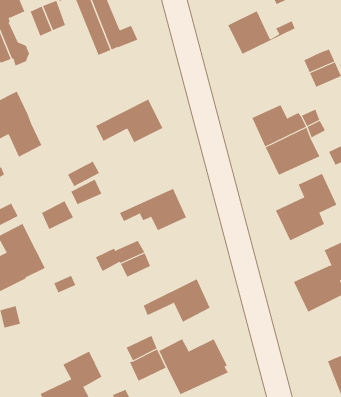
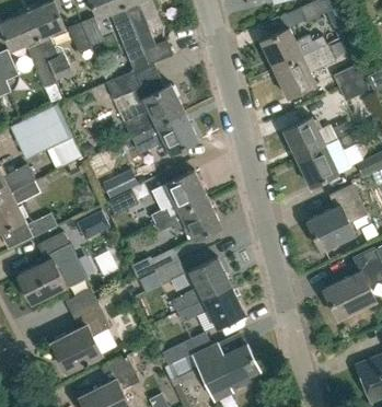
building: none -> [274,44,329,96]
building: none -> [106,62,183,138]
building: none -> [151,171,207,222]
building: none -> [172,258,230,312]
building: none -> [50,302,108,371]

